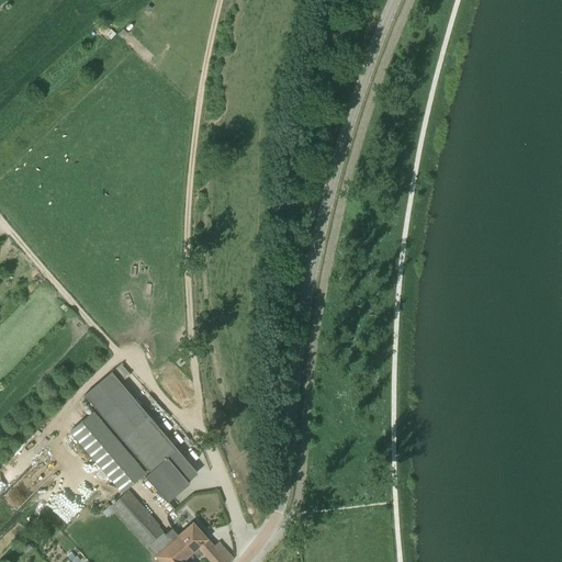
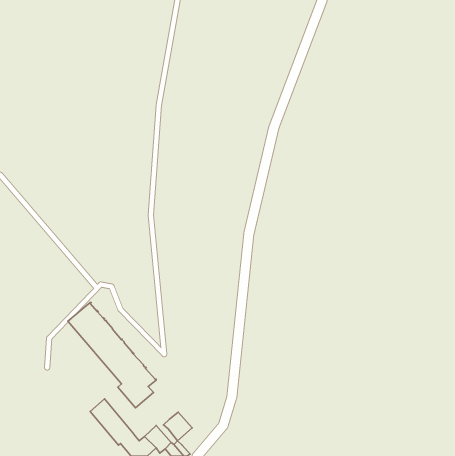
building: [71,412,146,493] -> none
building: none -> [163,412,192,441]

